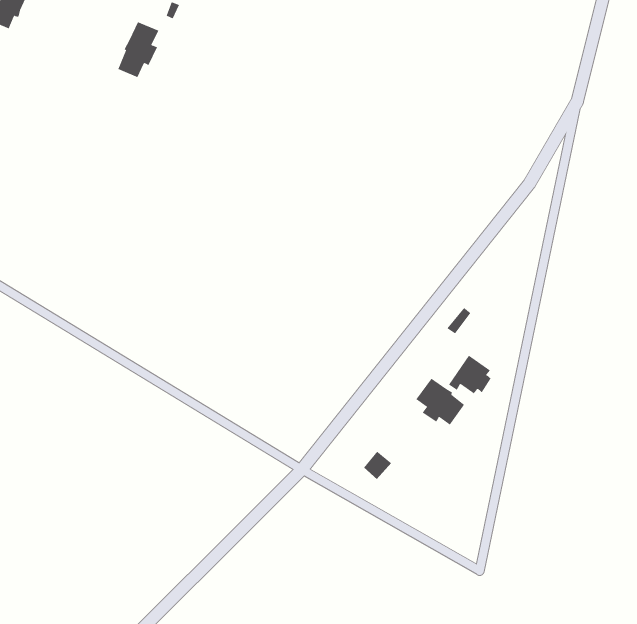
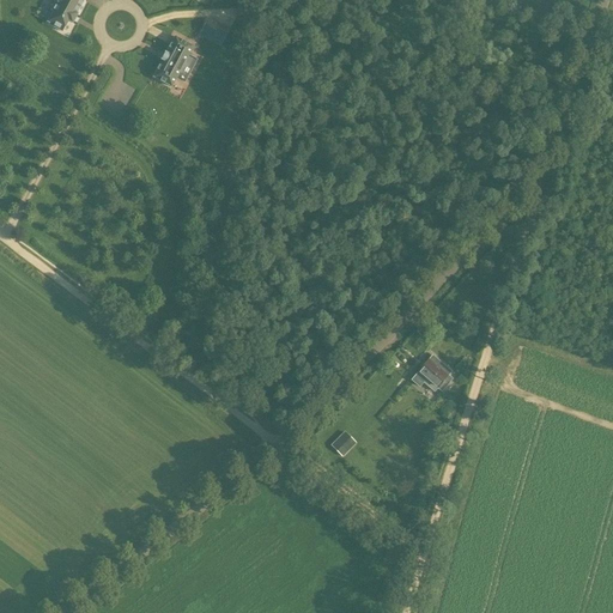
building: [415,378,465,425] -> none

